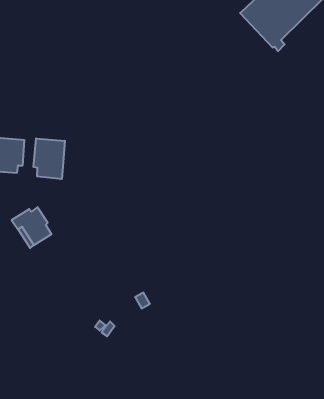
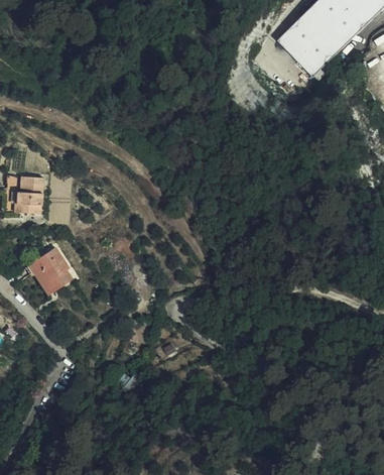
building: [34,138,65,179] -> none

